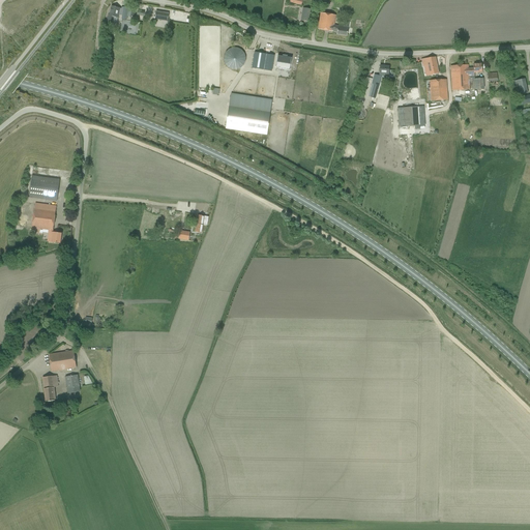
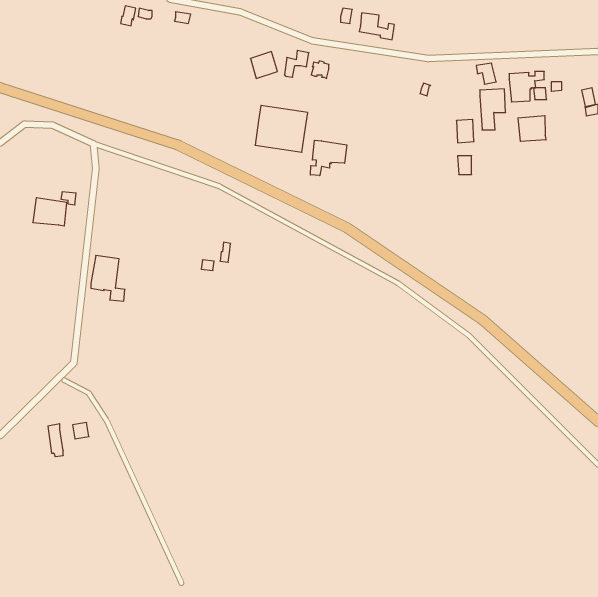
building: none -> [518,116,546,141]
building: none -> [310,140,347,176]
building: [31,202,61,242] -> [91,255,125,301]
building: [49,350,76,371] -> none

